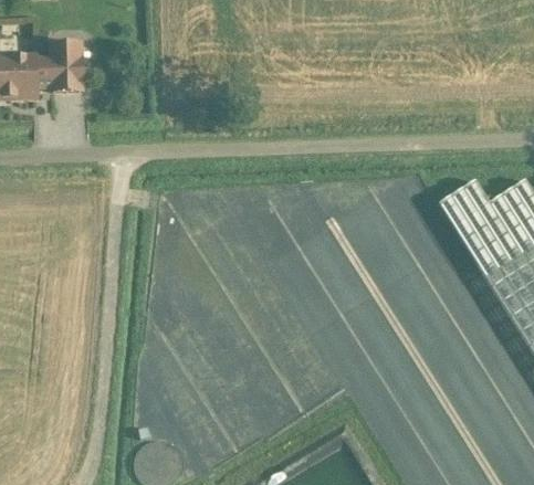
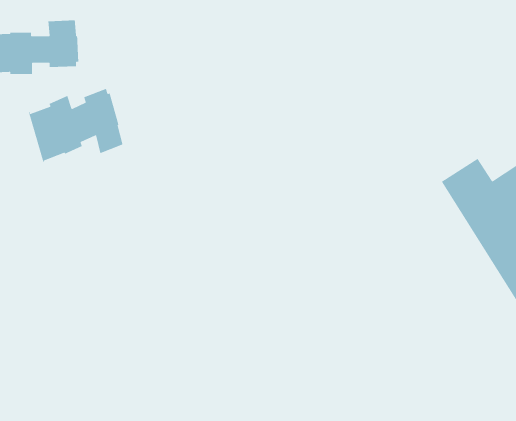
building: none -> [28,88,123,163]

